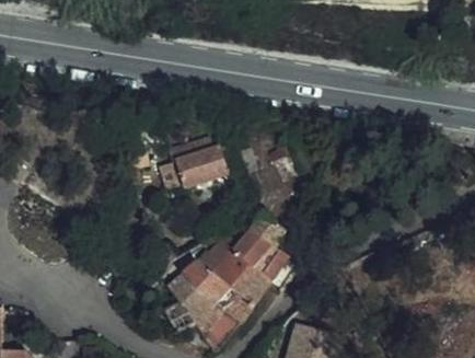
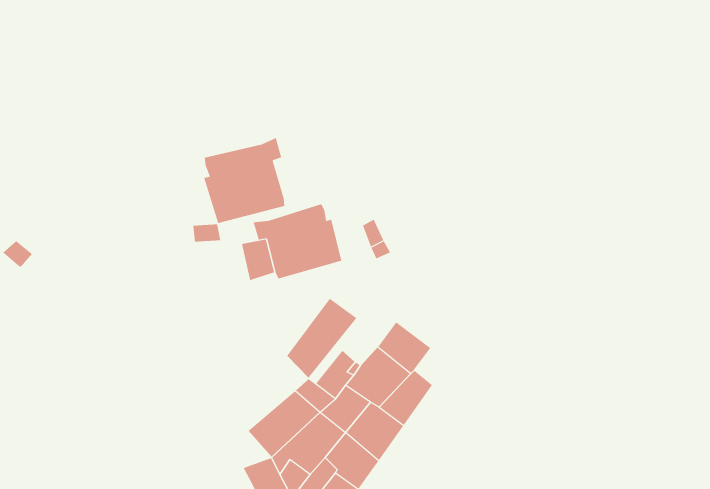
building: none -> [204,137,285,224]
building: none -> [287,298,357,379]

